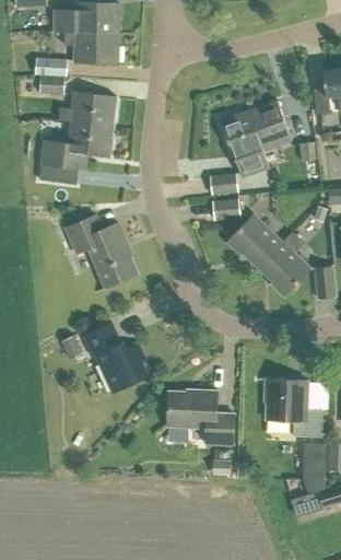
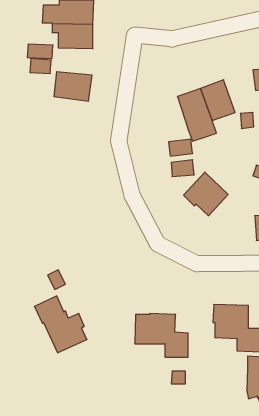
building: [40,122,111,182] -> none
building: [66,214,138,288] -> none
building: [259,233,311,298] -> none
building: [84,322,149,392] -> [34,296,87,353]

